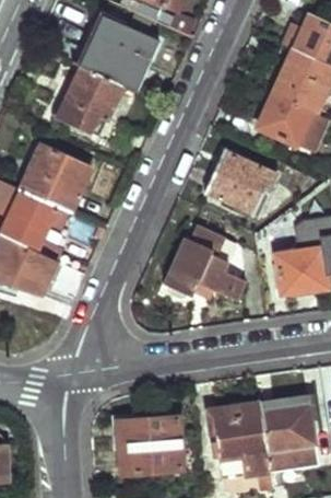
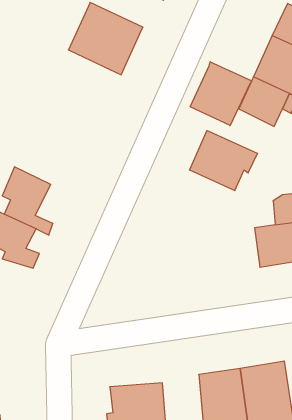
building: [55,66,121,136] -> none
building: none -> [190,62,252,126]
building: [21,144,92,212] -> none
building: [165,225,243,301] -> none

